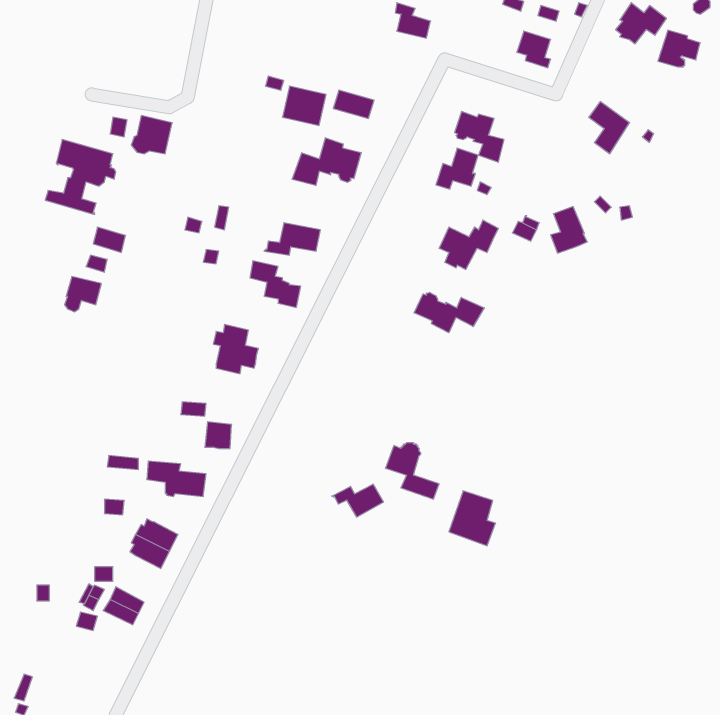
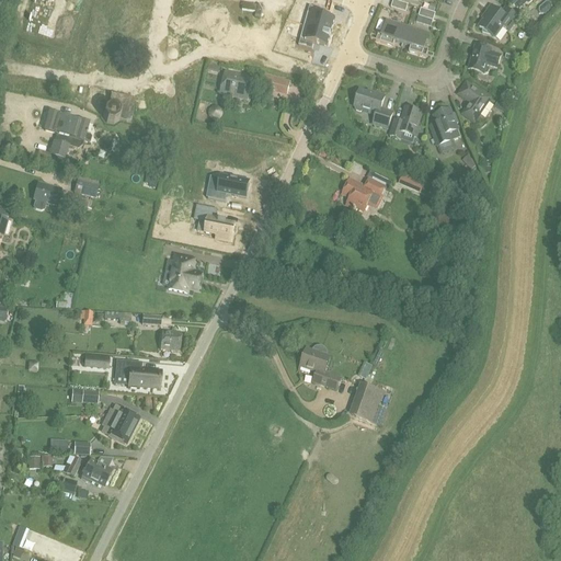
building: none -> [375,18,407,43]
building: [658,30,700,67] -> [467,42,500,70]
building: none -> [297,24,331,46]
building: [292,138,361,186] -> none
building: [436,148,478,189] -> [388,104,421,136]
building: [551,207,587,253] -> [431,106,459,142]
building: [65,277,101,312] -> [32,181,60,208]
building: [414,292,484,333] -> none
building: [332,484,383,517] -> none

